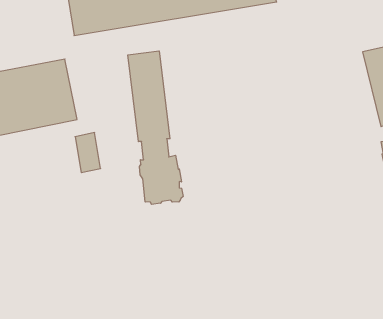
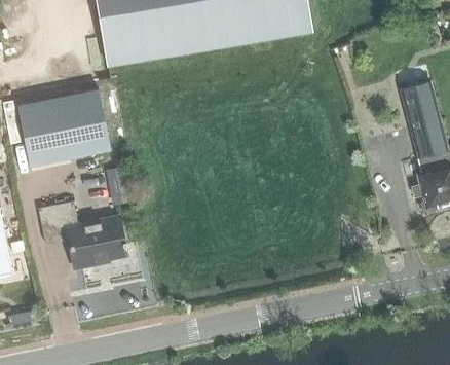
building: [128,51,183,204] -> none
building: none -> [38,203,126,269]

